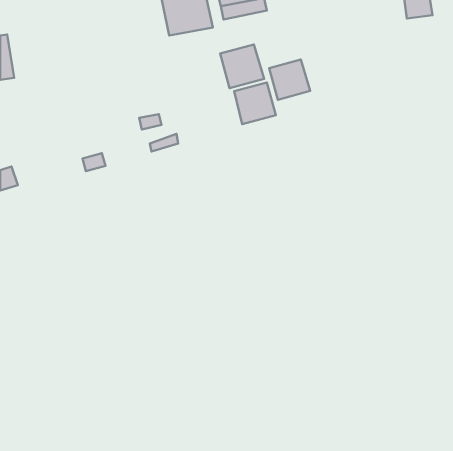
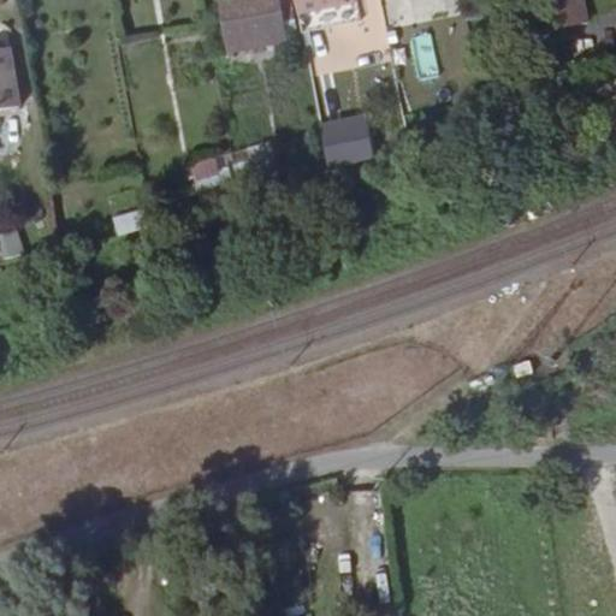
building: [220,44,264,88] -> none
building: [269,60,310,100] -> none

